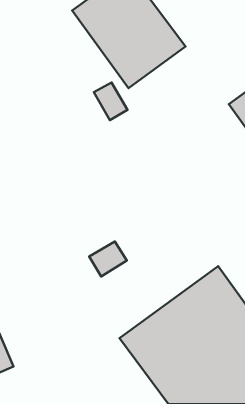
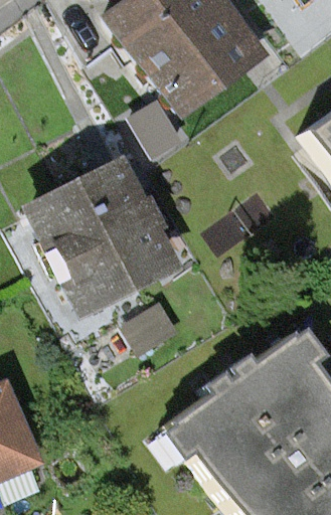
building: none -> [36,175,177,308]

